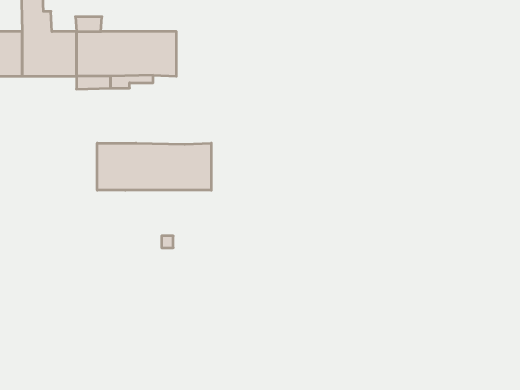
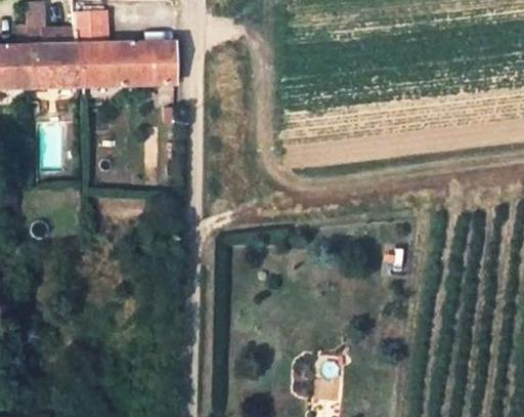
building: [97,143,211,190] -> none

